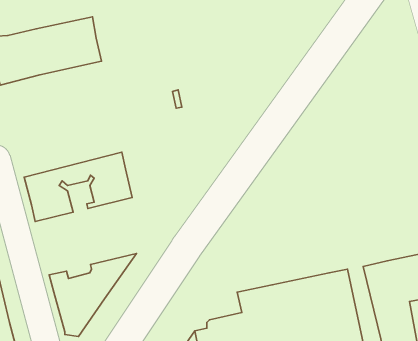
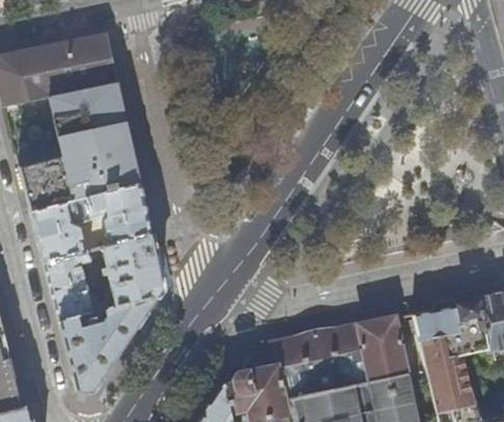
building: none -> [20,81,141,212]
building: none -> [44,235,164,322]

